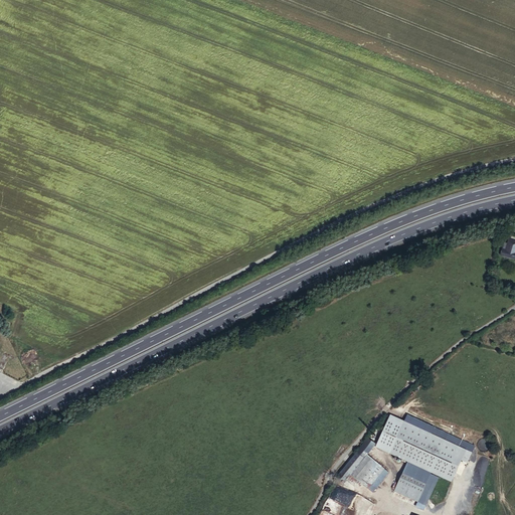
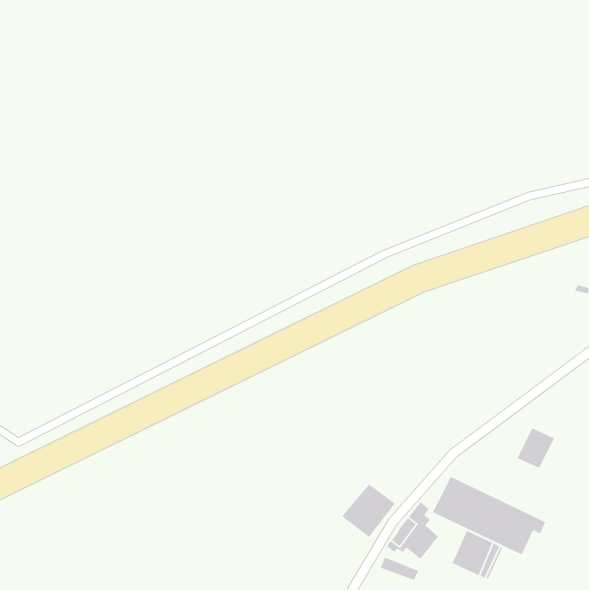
building: none -> [517,427,555,469]
building: none -> [341,483,396,538]

